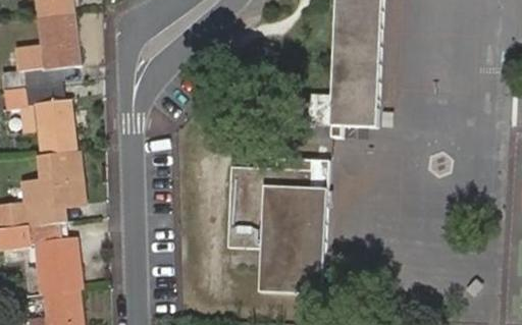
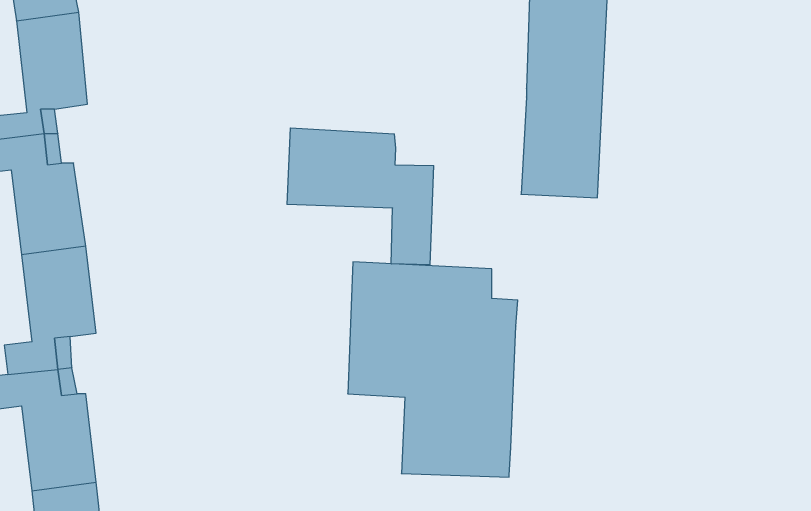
building: none -> [287,128,434,265]

